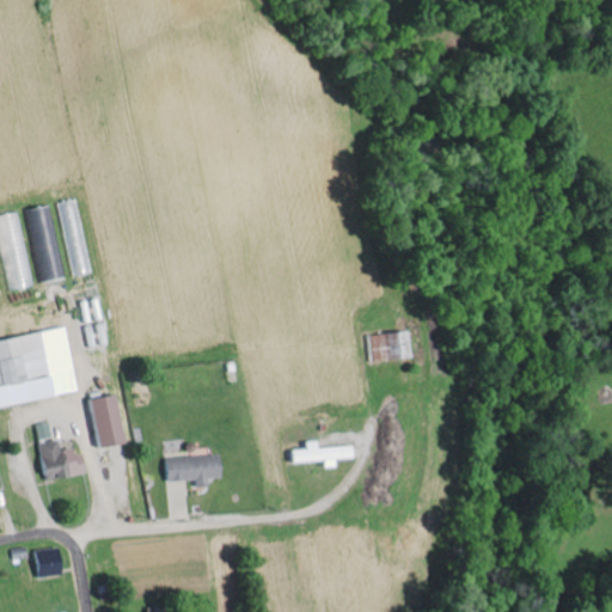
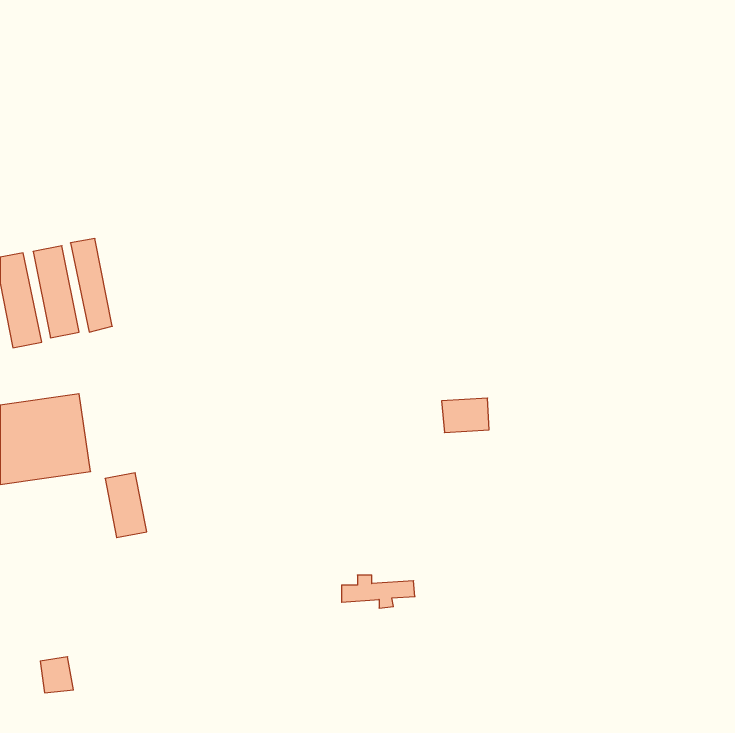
building: [35,422,82,481] -> none
building: [289,441,350,469] -> [342,575,415,608]
building: [165,455,219,488] -> none

